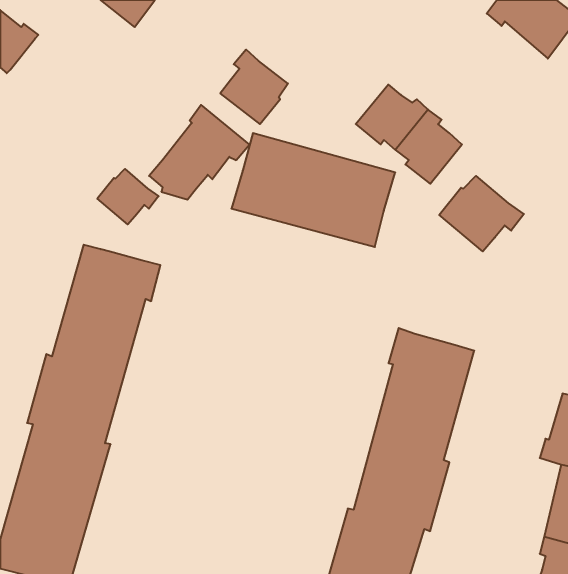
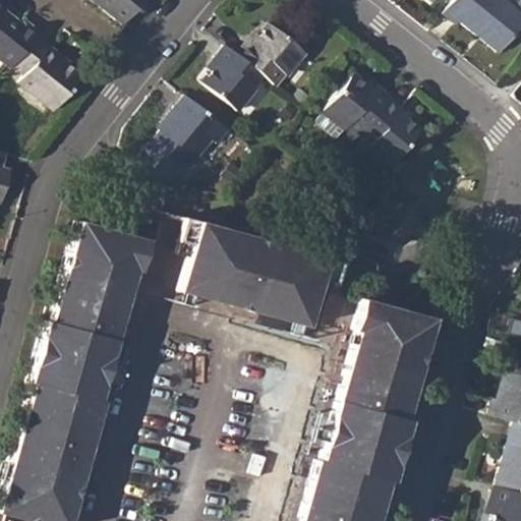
building: none -> [241,26,309,88]
building: none -> [17,37,81,108]
building: [231,133,395,247] -> [185,220,333,323]
building: [97,169,159,224] -> none
building: [439,176,524,251] -> none

